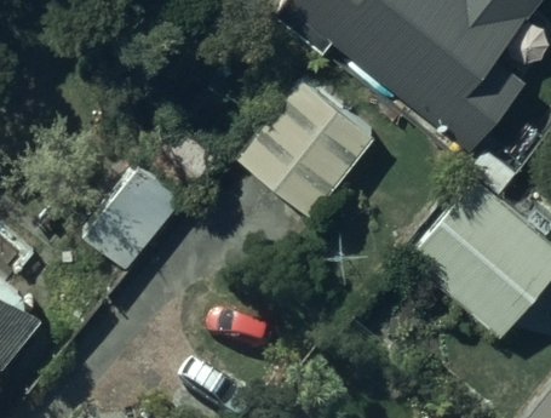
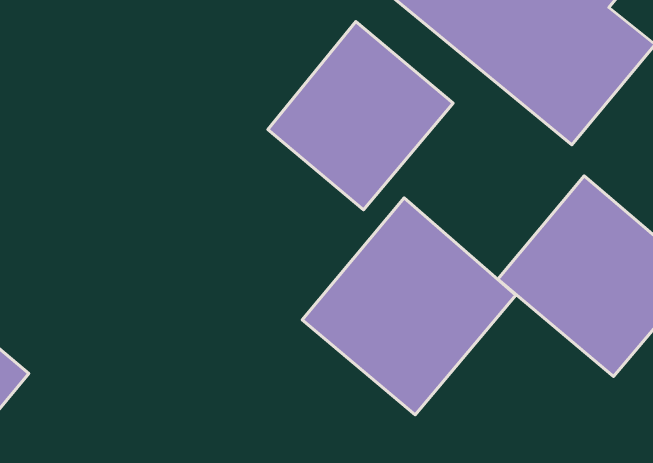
building: none -> [302,198,516,415]

